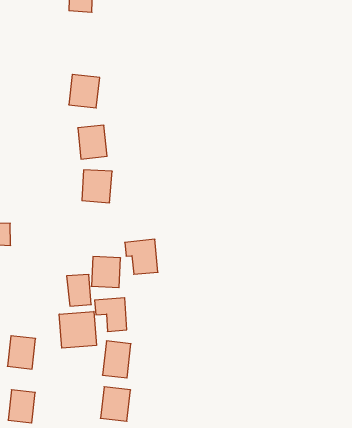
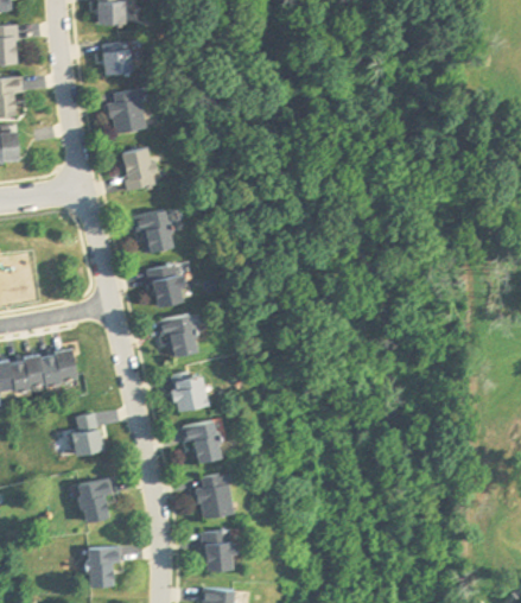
building: none -> [106,90,146,134]
building: [125,239,158,274] -> [153,313,198,360]
building: [67,275,91,306] -> [68,414,102,456]
building: [59,311,96,348] -> none

